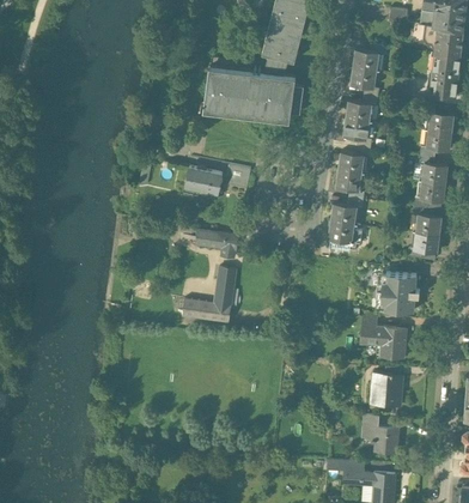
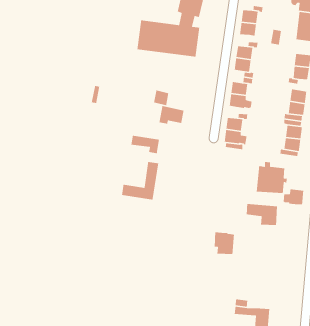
building: [185,166,223,194] -> [158,105,185,125]
building: none -> [283,189,304,205]
building: [372,372,402,406] -> [214,231,235,255]
building: [361,422,398,453] -> none

